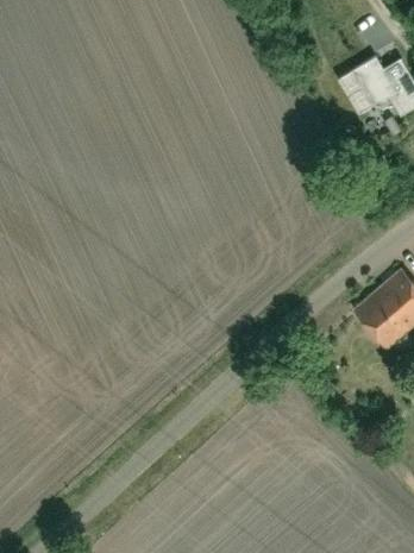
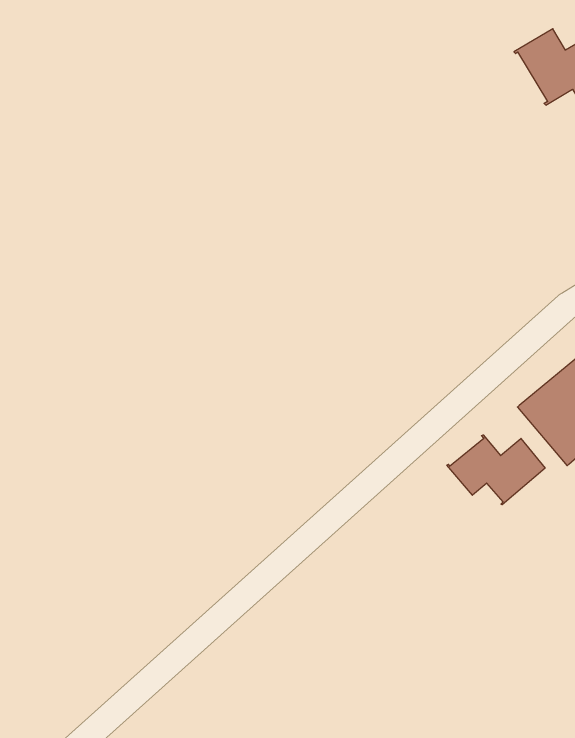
building: none -> [447,435,545,505]

